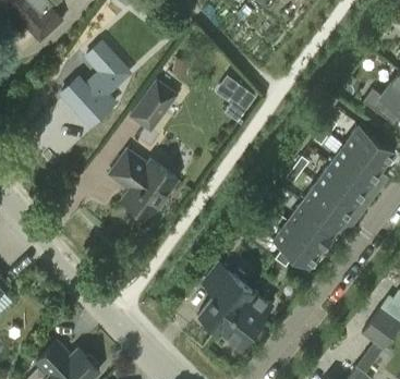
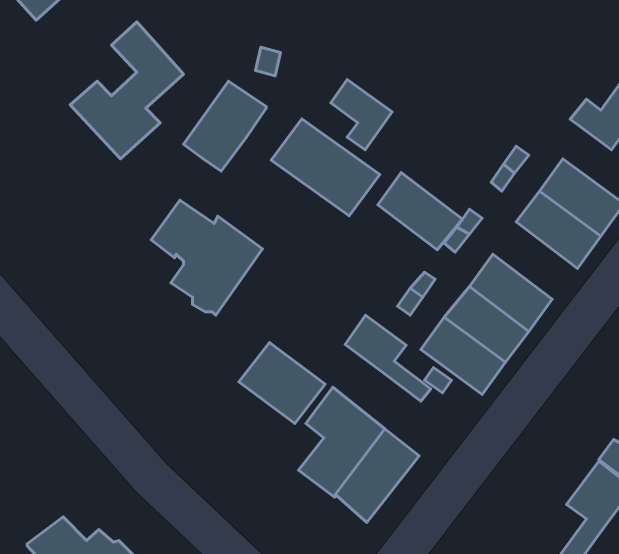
building: none -> [271,119,380,216]
building: [316,164,367,211] -> [378,172,462,250]
building: none -> [345,315,431,401]
building: none -> [239,342,325,424]

